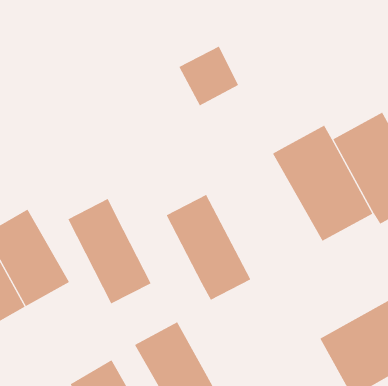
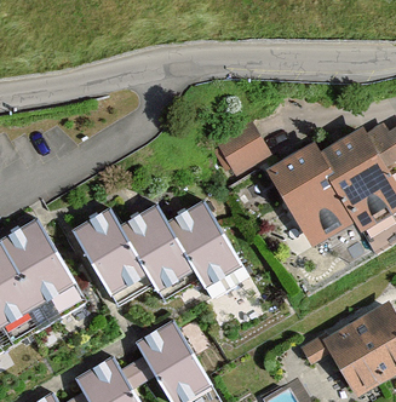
building: [178,46,239,106] -> [214,119,270,174]
building: none -> [122,205,200,304]

